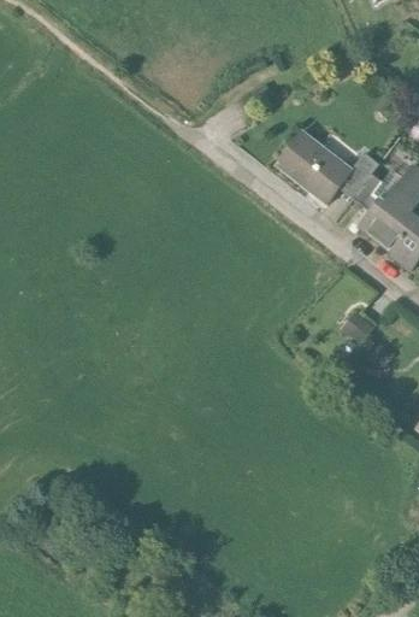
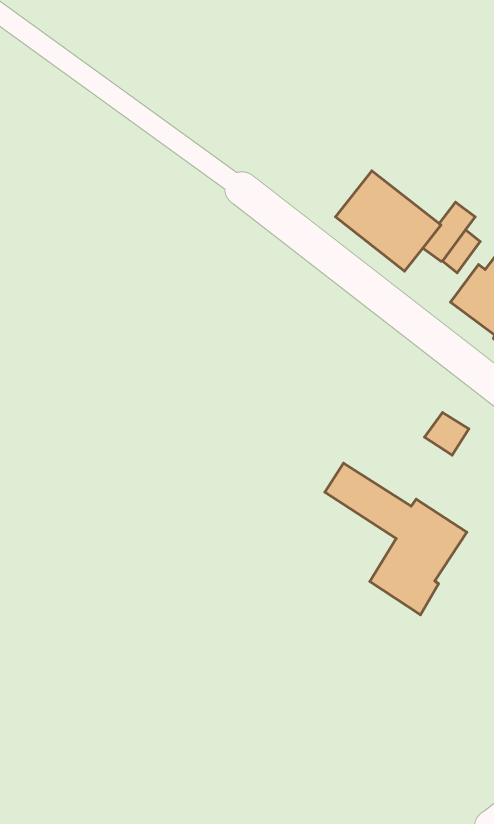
building: none -> [325,463,467,615]

